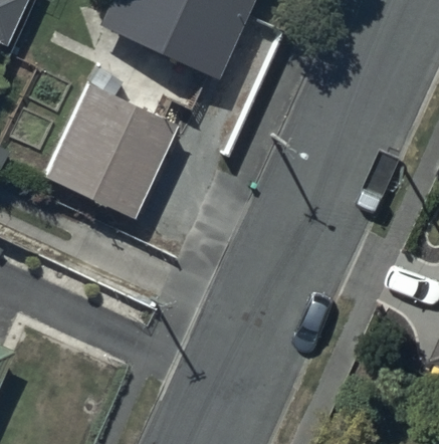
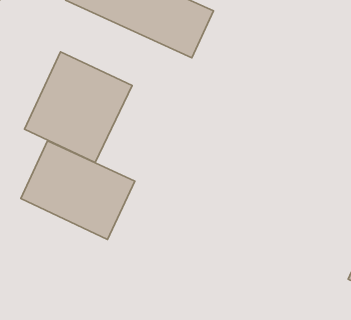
building: none -> [21,141,135,240]

